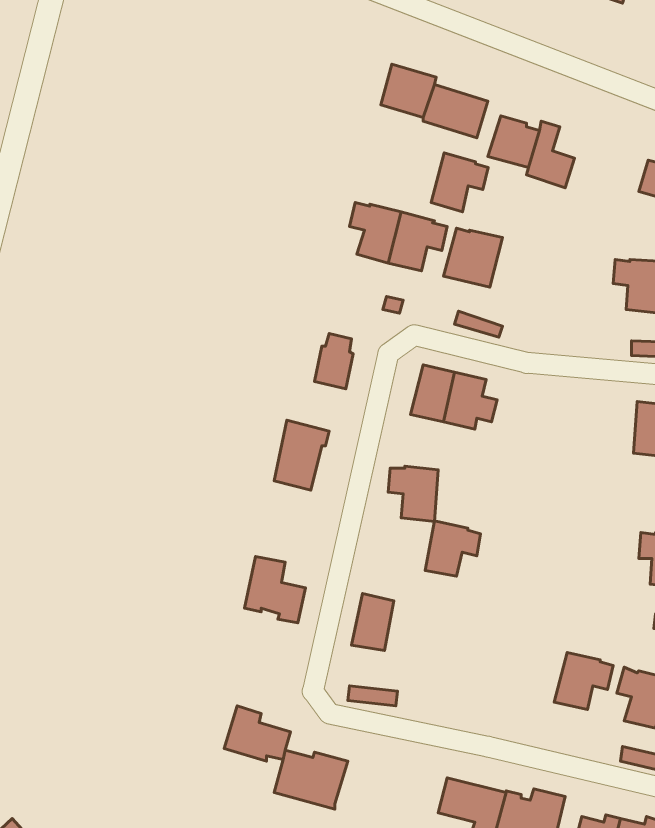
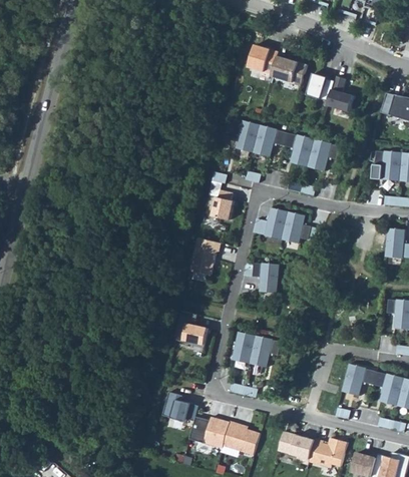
building: [431,153,488,212] -> [307,138,338,170]
building: [425,521,481,576] -> [250,336,280,366]
building: none -> [223,422,260,455]

